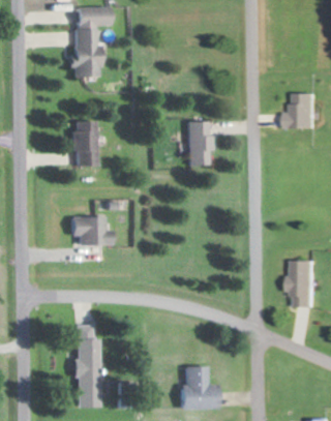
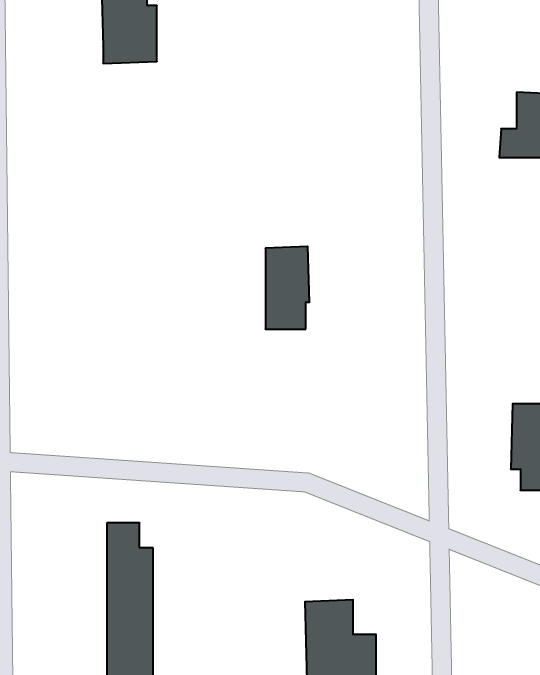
building: [71,121,94,167] -> none
building: [185,121,209,166] -> [265,246,310,329]
building: [68,216,111,245] -> none

